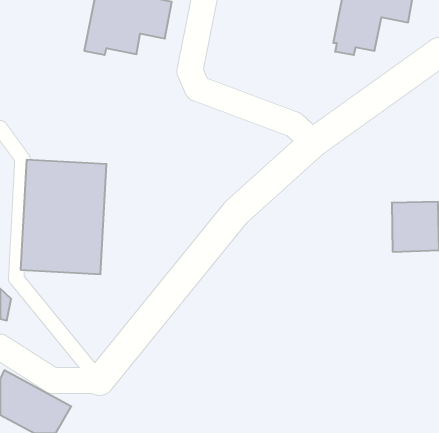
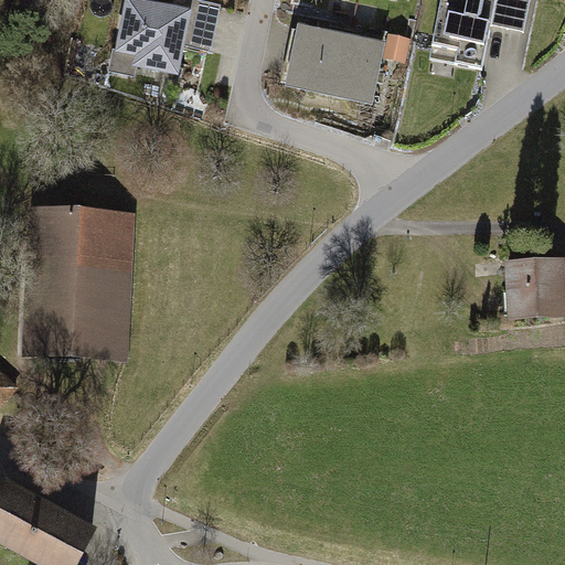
building: none -> [281,22,394,104]

